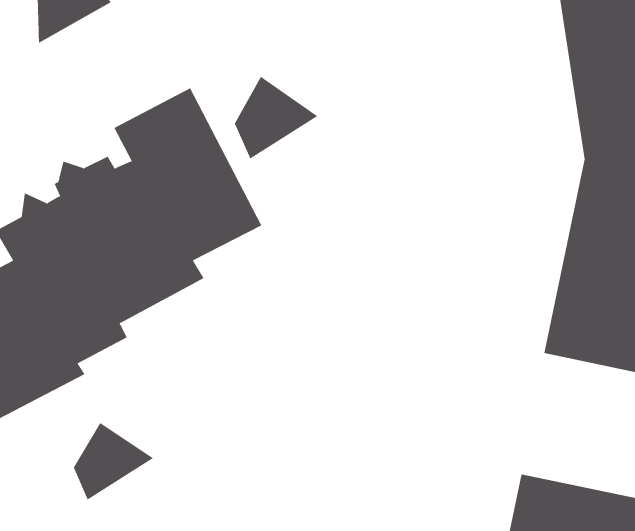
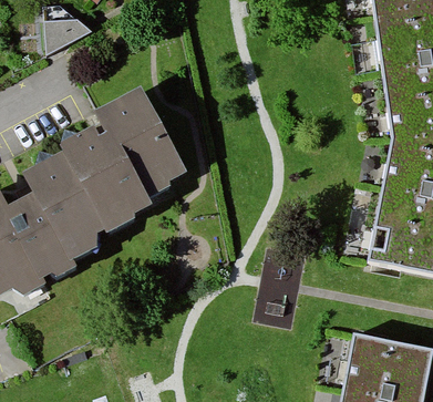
building: [234,76,318,160] -> none
building: [73,422,154,501] -> none

